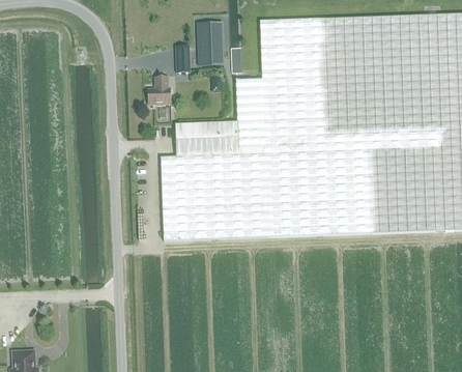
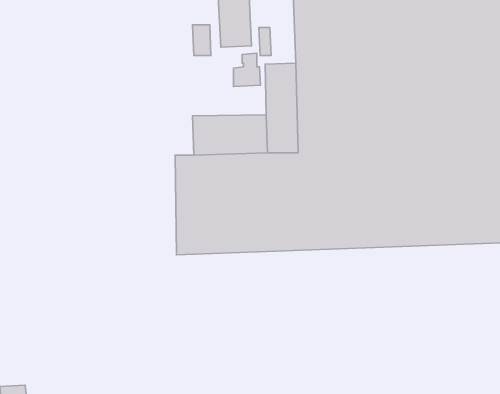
building: [148,76,171,104] -> [234,53,261,86]

